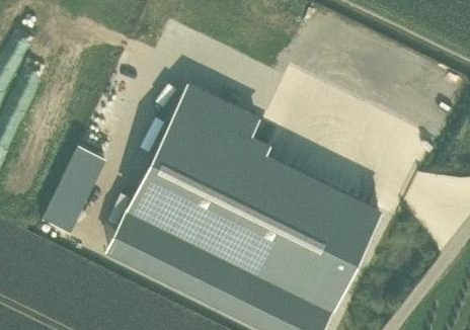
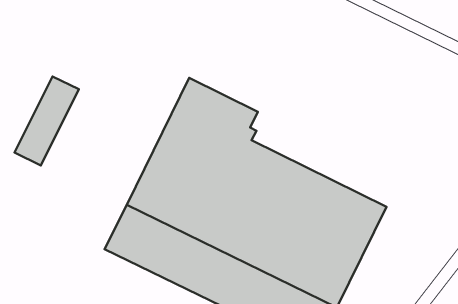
building: [43,147,104,232] -> [14,76,79,165]

